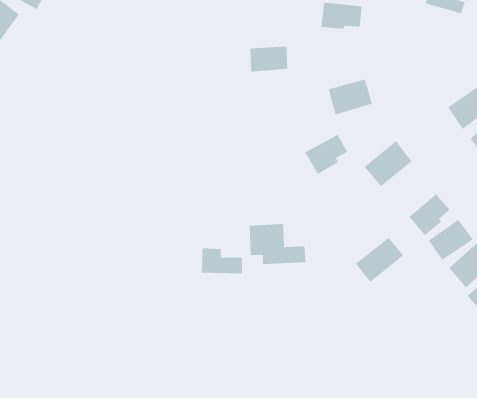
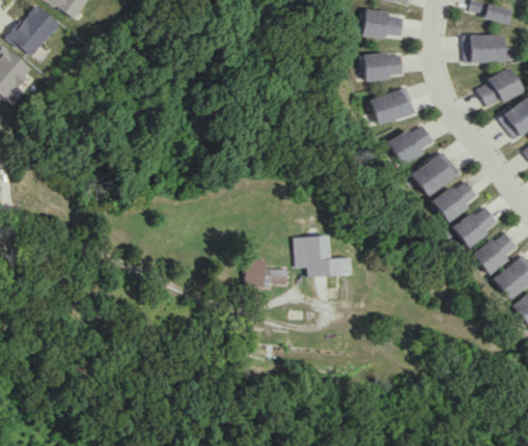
building: none -> [464,34,503,62]
building: [249,46,288,72] -> [366,53,406,80]
building: none -> [475,67,518,107]
building: [304,134,348,175] -> [388,123,433,165]
building: [355,237,404,283] -> [427,178,477,225]

